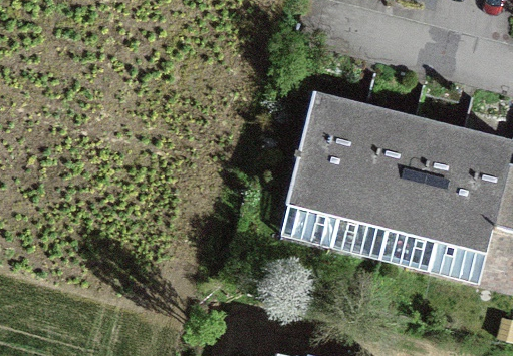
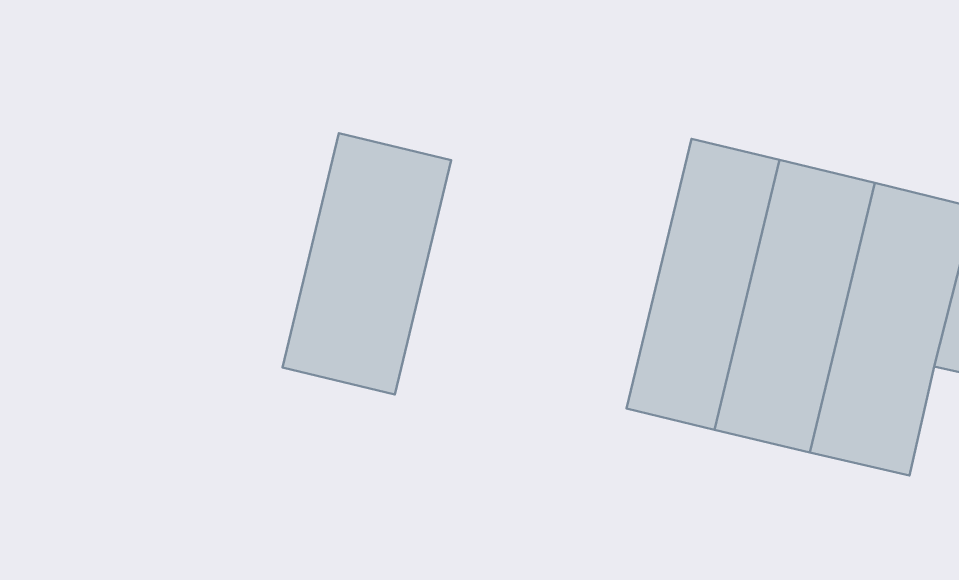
building: [281,92,368,246] -> none
building: none -> [282,133,451,395]

